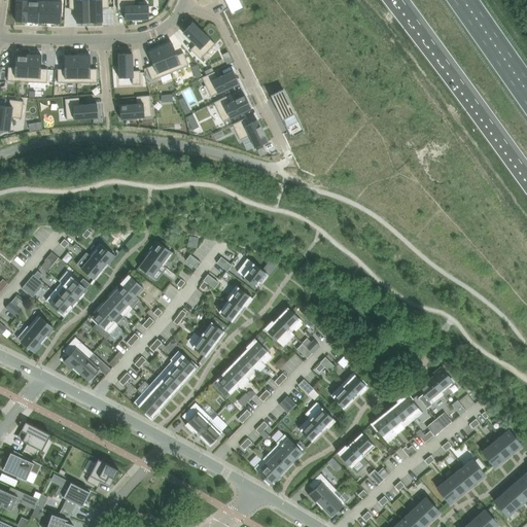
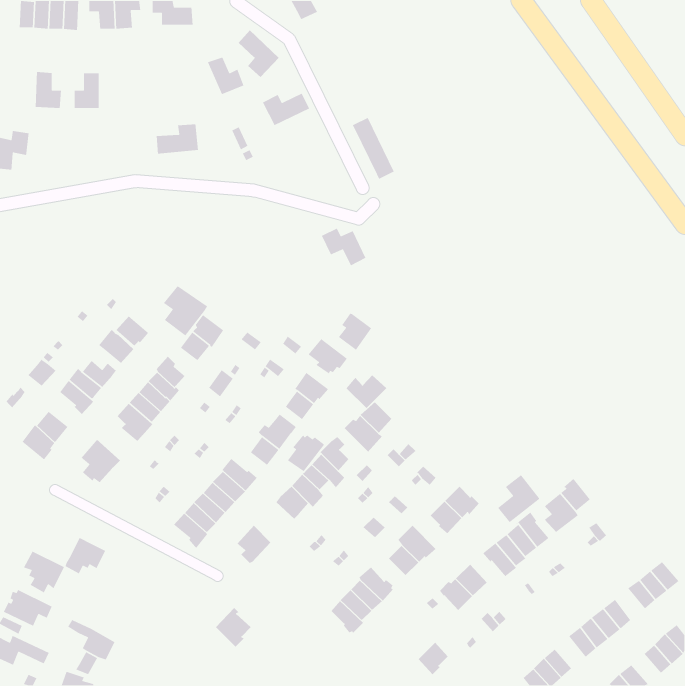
building: [146,47,170,80] -> none
building: [117,54,140,85] -> none
building: [6,55,28,82] -> none
building: [76,56,97,83] -> none
building: [213,96,250,121] -> none
building: [64,98,97,120] -> none
building: [232,118,267,148] -> [321,227,367,266]
building: none -> [163,285,208,337]
building: none -> [338,313,372,351]
building: none -> [345,375,387,409]
building: none -> [287,434,325,472]
building: [76,353,110,383] -> none
building: none -> [497,474,541,523]
building: [194,416,221,447] -> [215,607,252,647]
building: [85,459,117,488] -> [64,537,106,575]
building: [307,473,336,505] -> none

